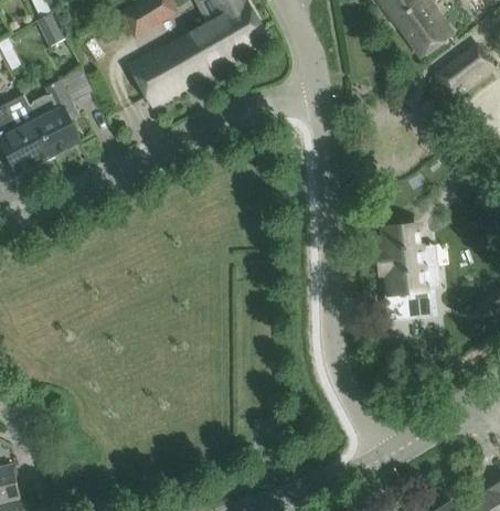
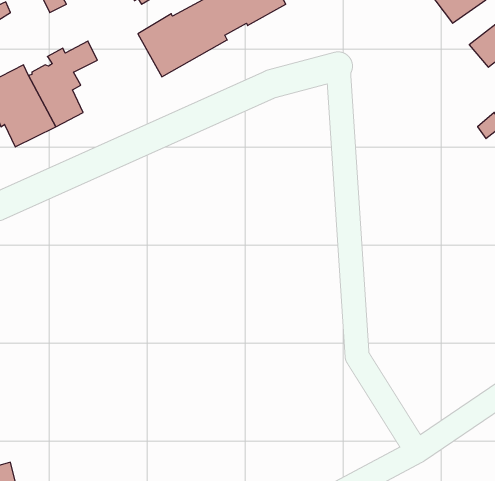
building: [382,226,443,318] -> none

